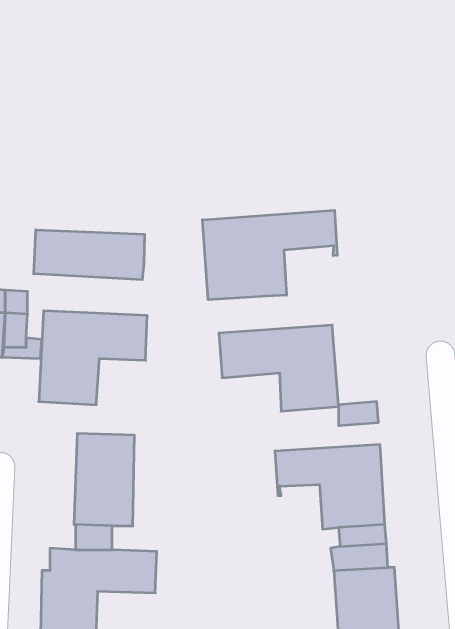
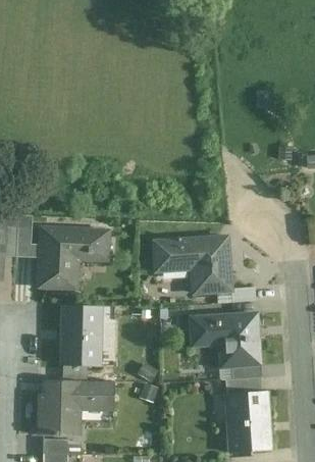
building: [202,210,337,300] -> none
building: [34,230,144,280] -> none

